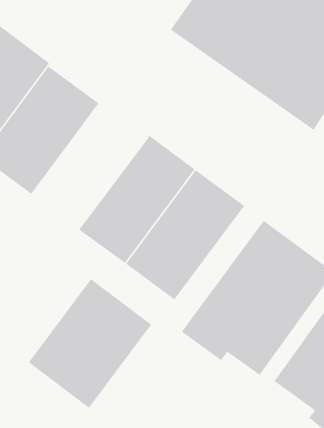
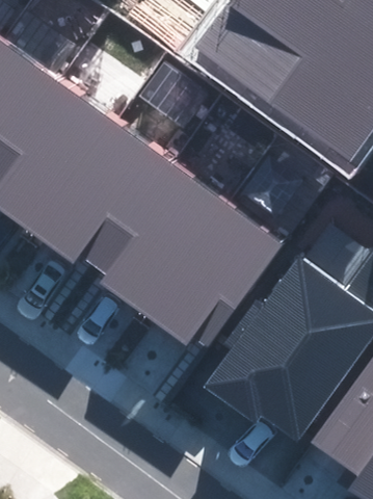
building: none -> [38,129,169,272]
building: [28,278,152,409] -> none

